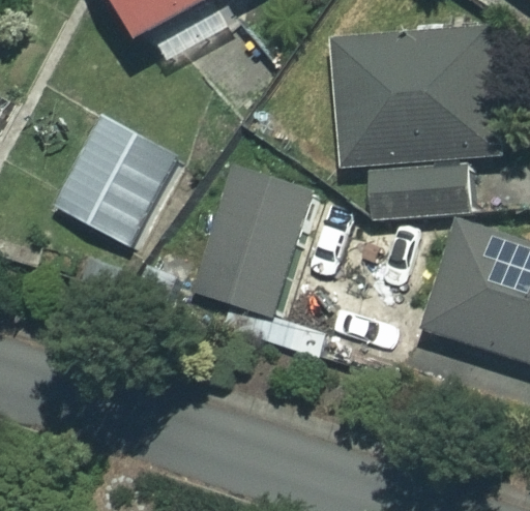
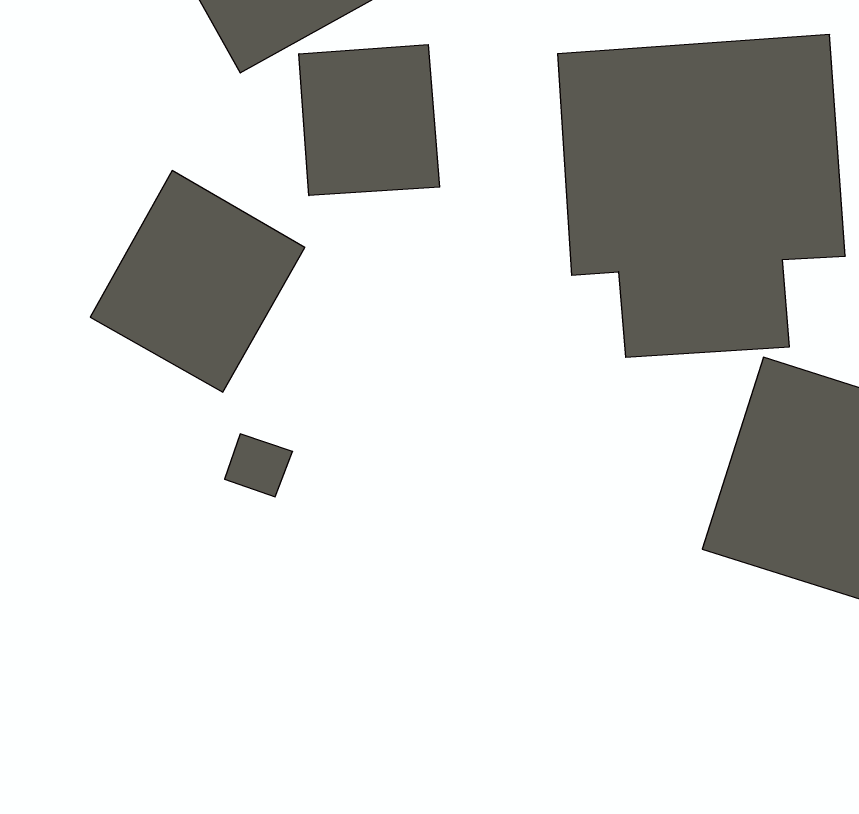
building: none -> [299,45,440,196]
building: [186,162,316,319] -> none

